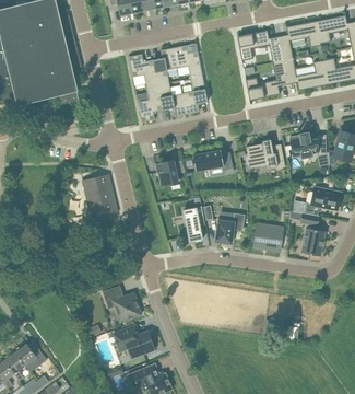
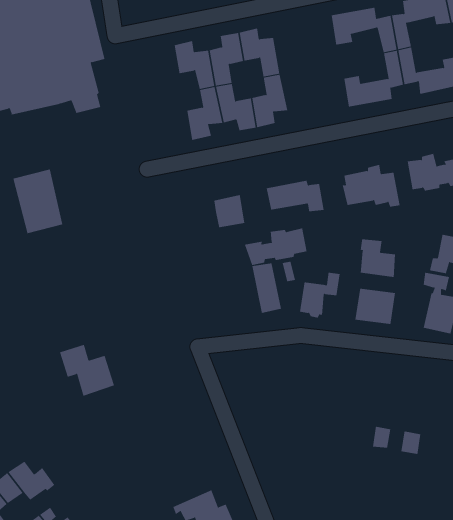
building: [82,174,117,219] -> [12,169,63,234]
building: none -> [244,228,307,266]
building: none -> [360,238,395,278]
building: [103,286,141,322] -> [59,344,115,397]
building: [113,325,154,358] -> none

